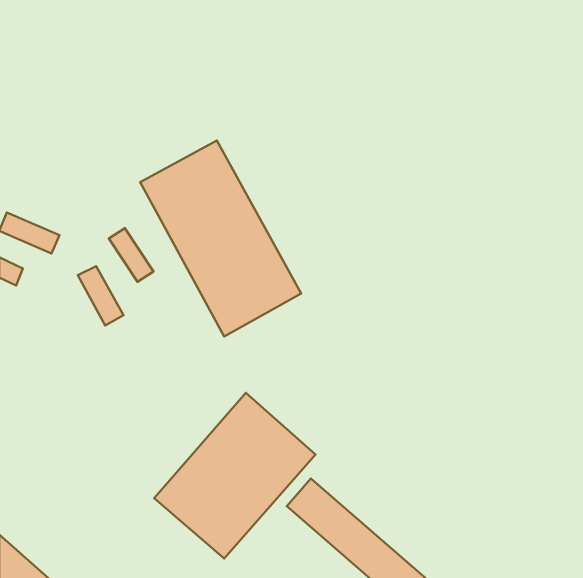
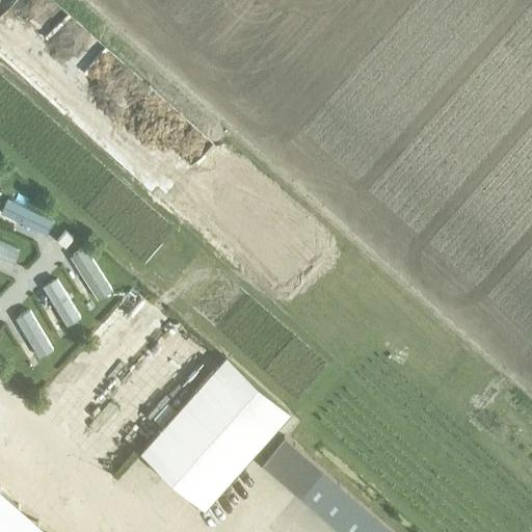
building: [140,140,301,336] -> none
building: [109,228,154,282] -> [42,278,82,327]
building: none -> [15,310,54,360]

